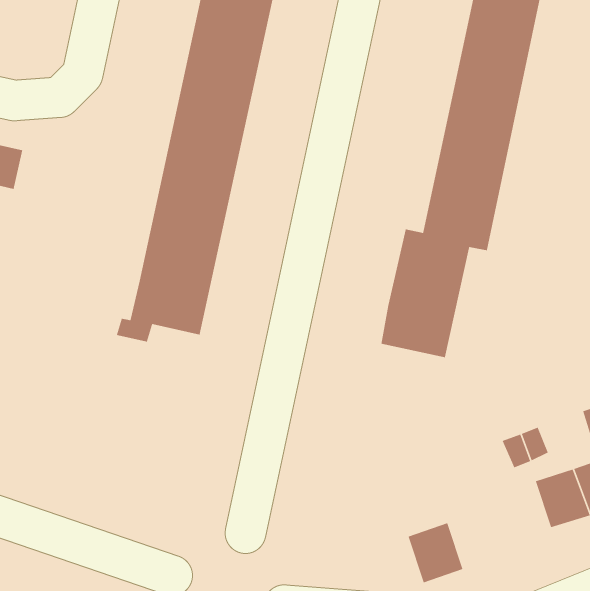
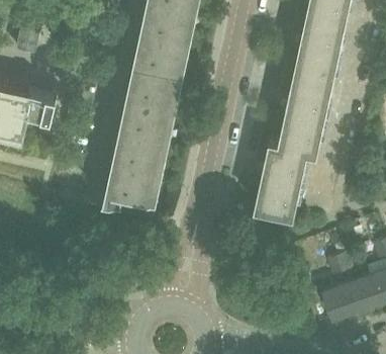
building: [407,522,463,584] -> [321,286,354,322]

